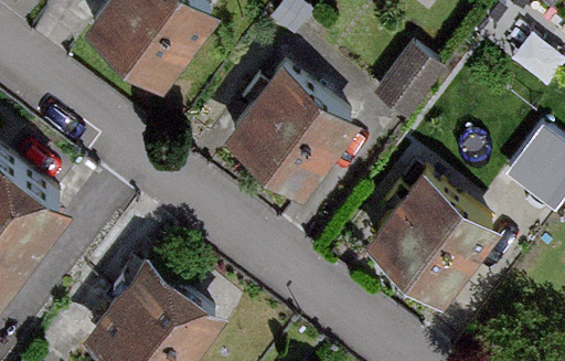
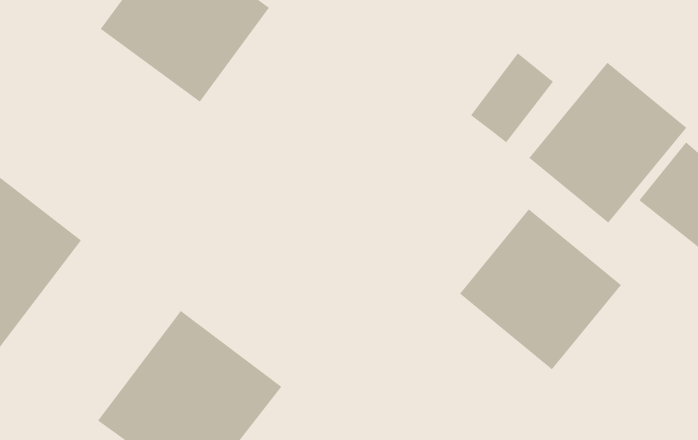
building: none -> [529,62,687,224]
building: [227,66,358,195] -> none

